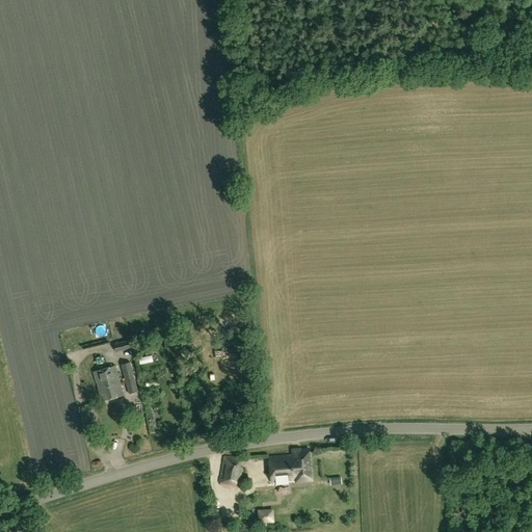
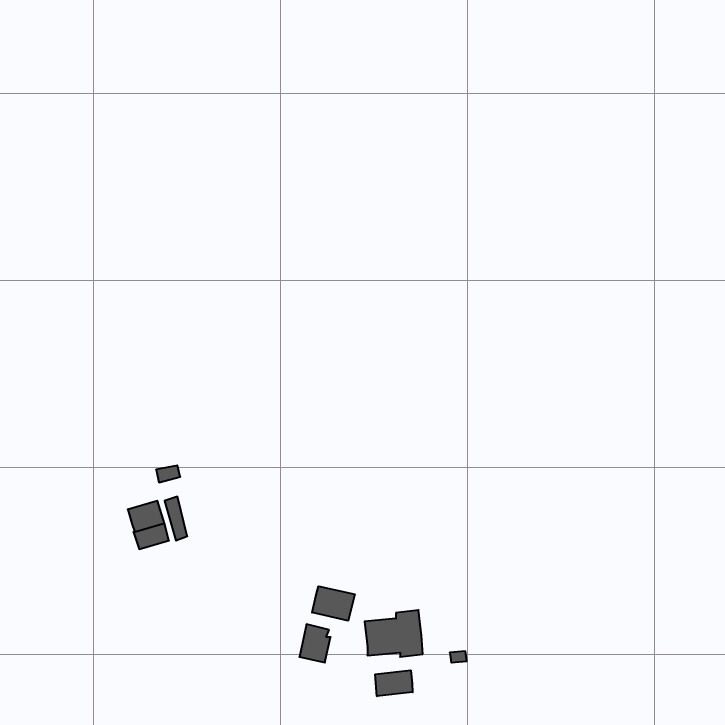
building: none -> [312,586,355,621]
building: none -> [375,670,413,696]

